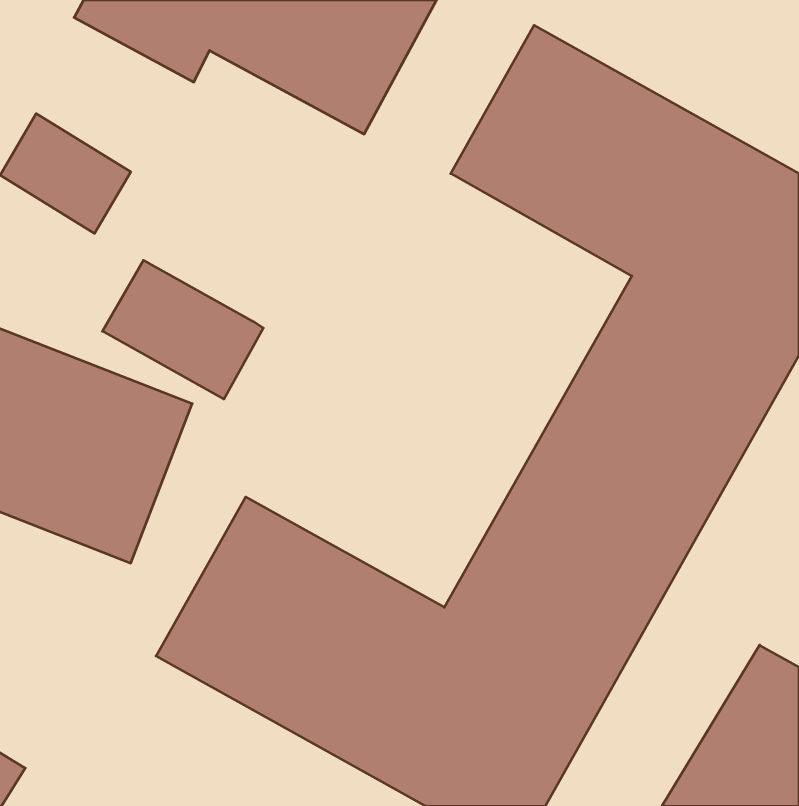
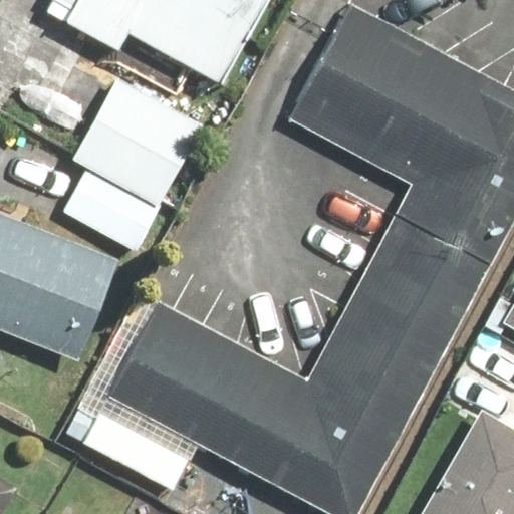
building: none -> [75,77,206,205]

